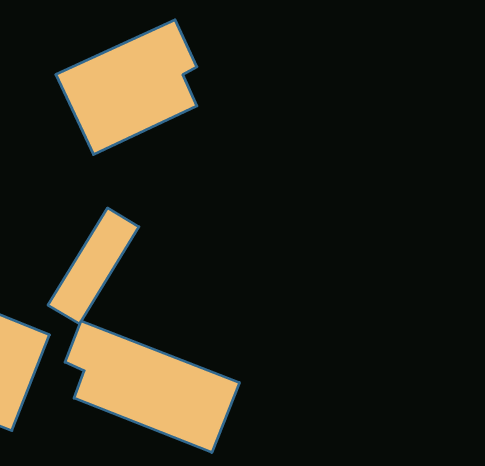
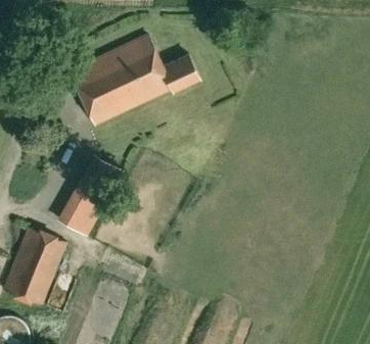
building: none -> [152,55,200,93]
building: [65,321,239,453] -> none

